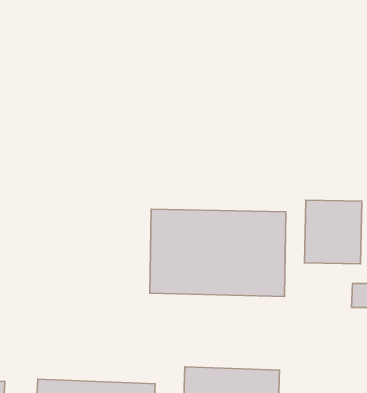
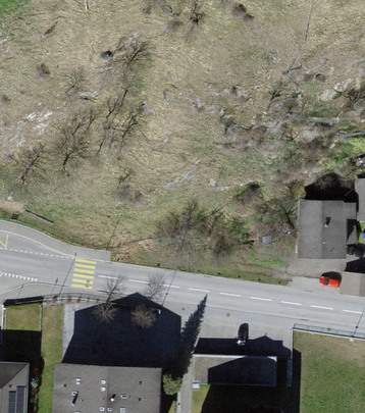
building: [150,209,286,297] -> none

